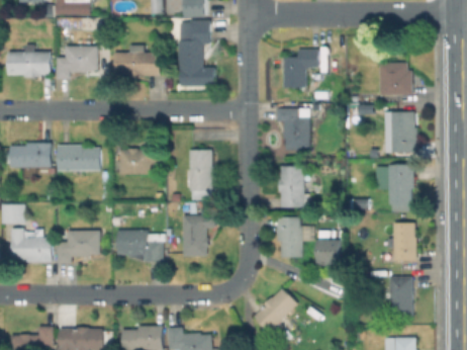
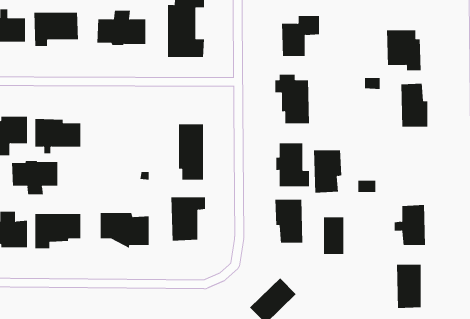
building: [119,141,163,176] -> none
building: [388,165,414,204] -> [313,150,342,193]
building: none -> [11,160,58,195]

